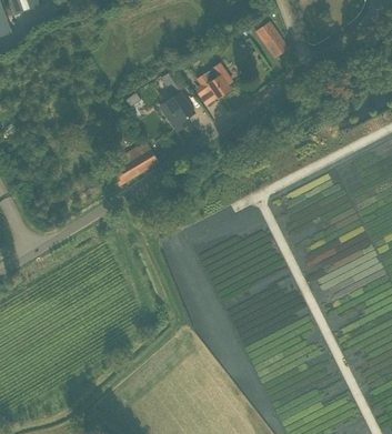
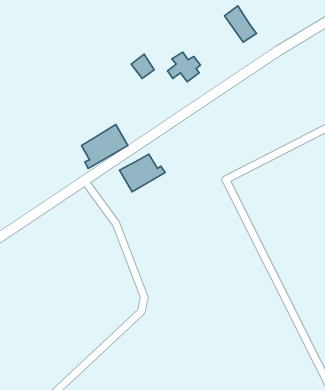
building: [167,92,194,131] -> none
building: none -> [120,154,165,192]

